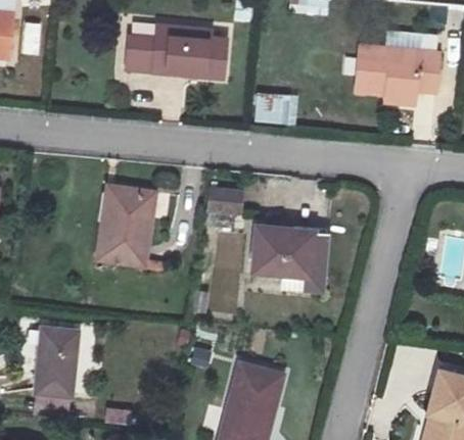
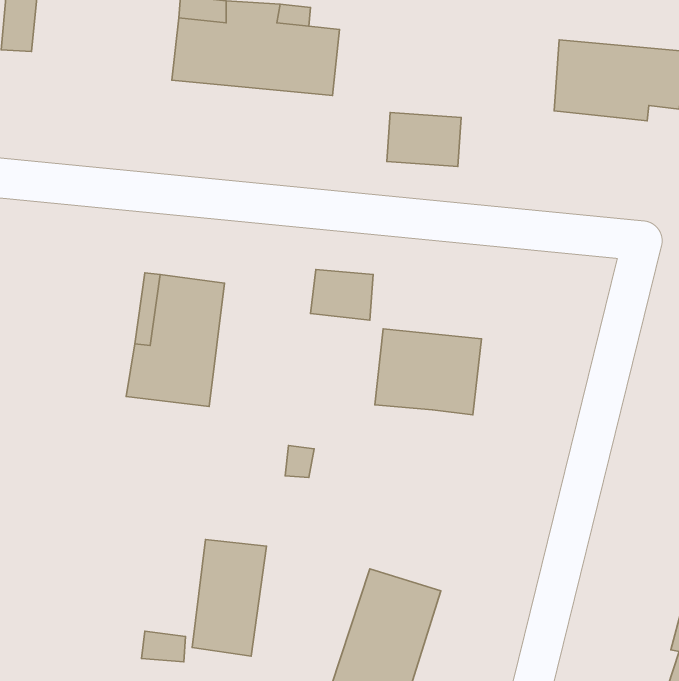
building: [280,229,333,292] -> none
building: [33,329,78,399] -> [192,539,266,656]

